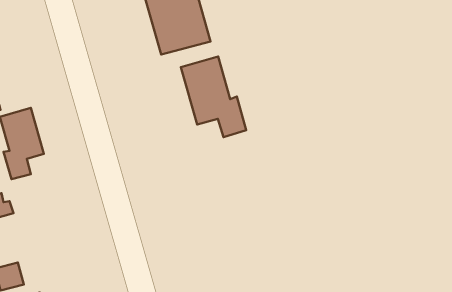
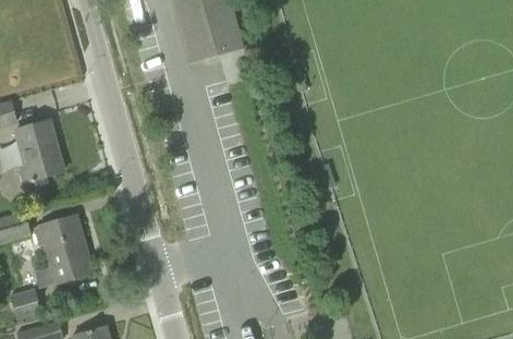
building: [181,57,246,137] -> none
building: none -> [34,216,93,289]

